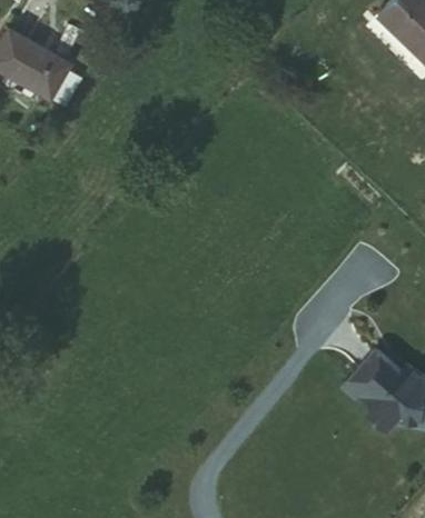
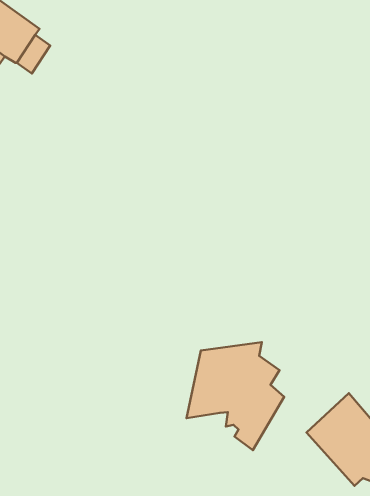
building: none -> [186,342,284,450]

